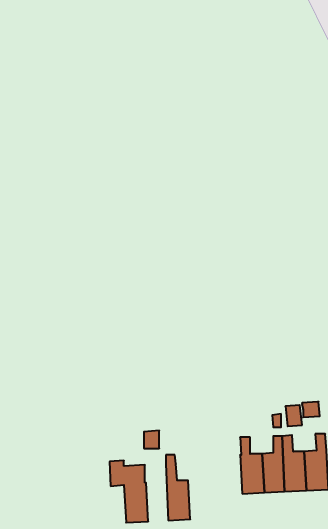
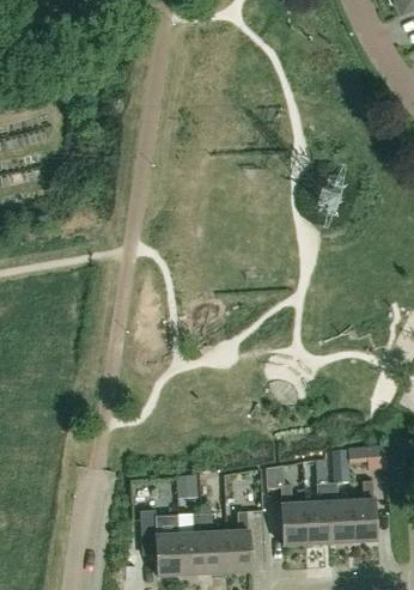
building: none -> [224,510,250,572]
building: none -> [178,512,202,574]

